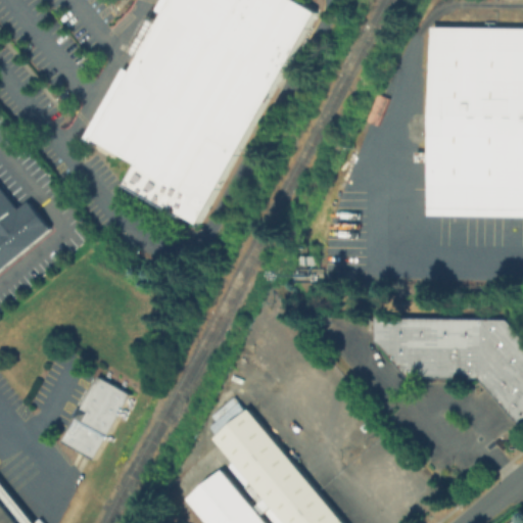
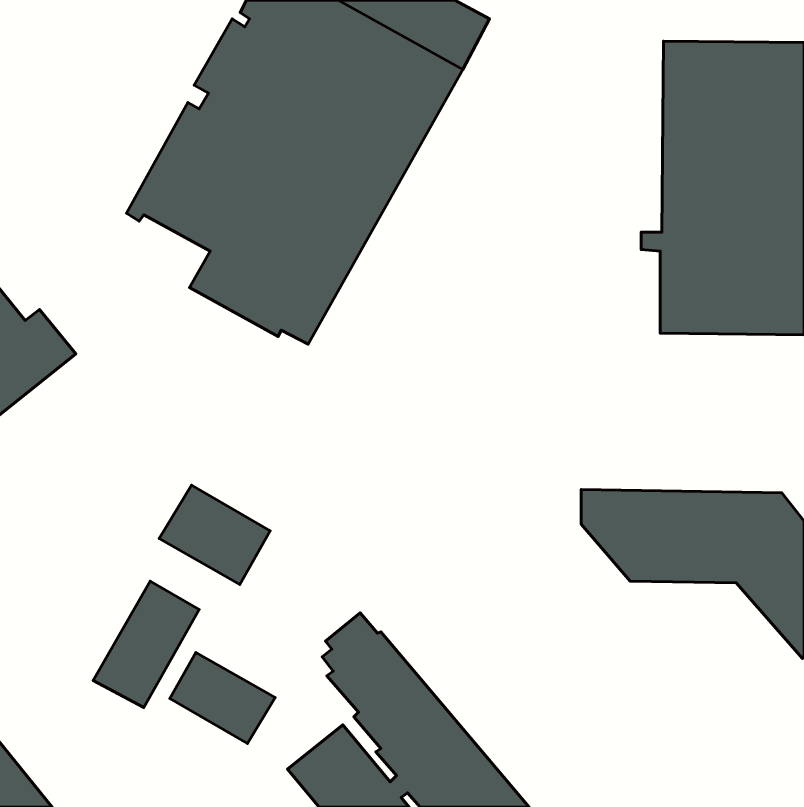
building: none -> [159,485,270,585]
building: none -> [170,652,275,744]

